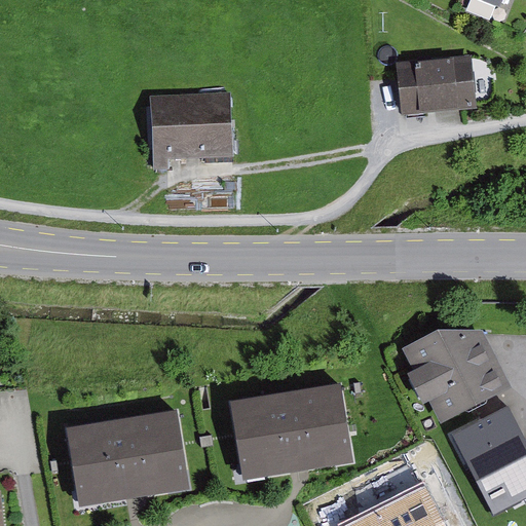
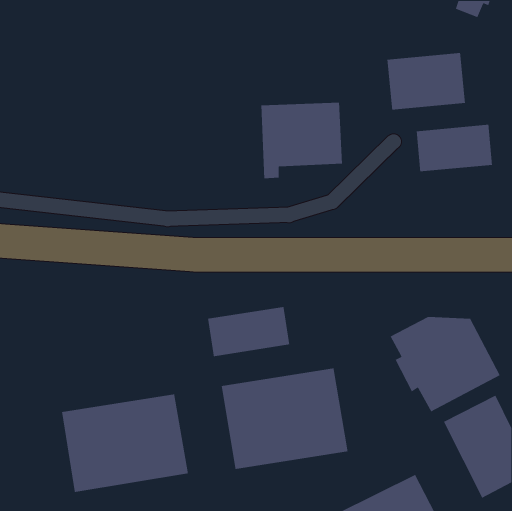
building: [149,92,233,172] -> [260,102,343,179]
building: none -> [416,124,493,172]
building: none -> [207,306,290,357]

